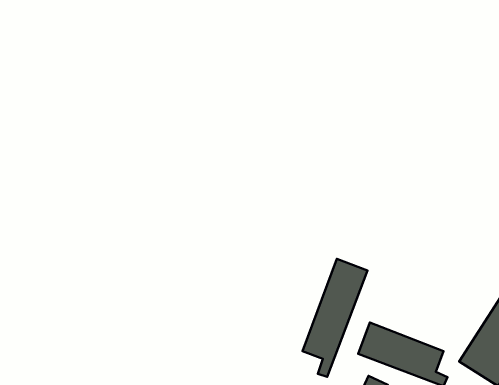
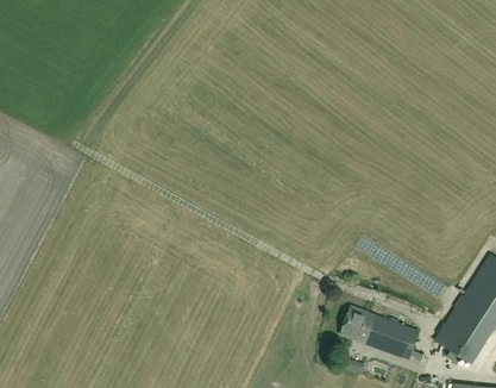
building: [302,259,367,377] -> none

